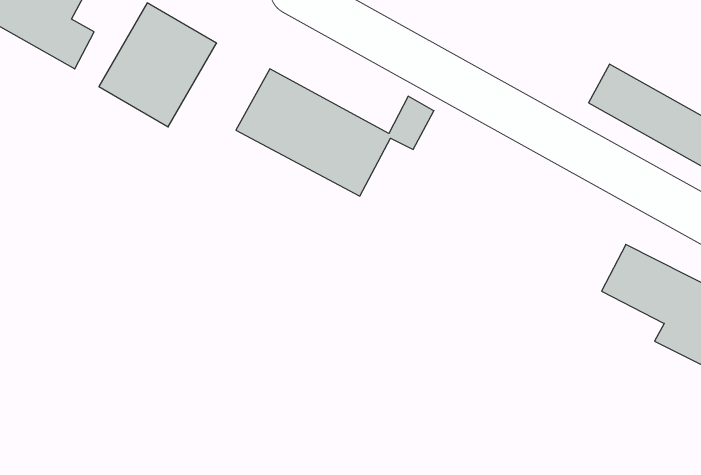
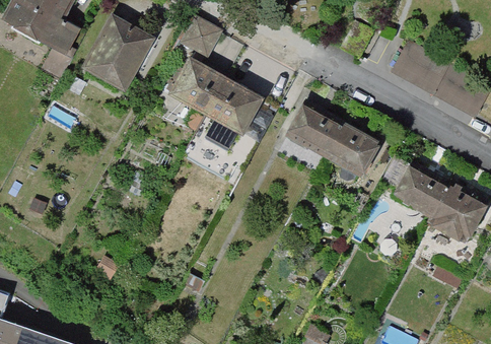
building: none -> [179,15,223,58]
building: none -> [285,99,381,177]

